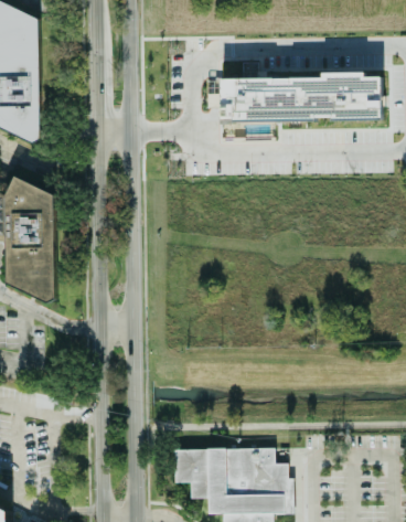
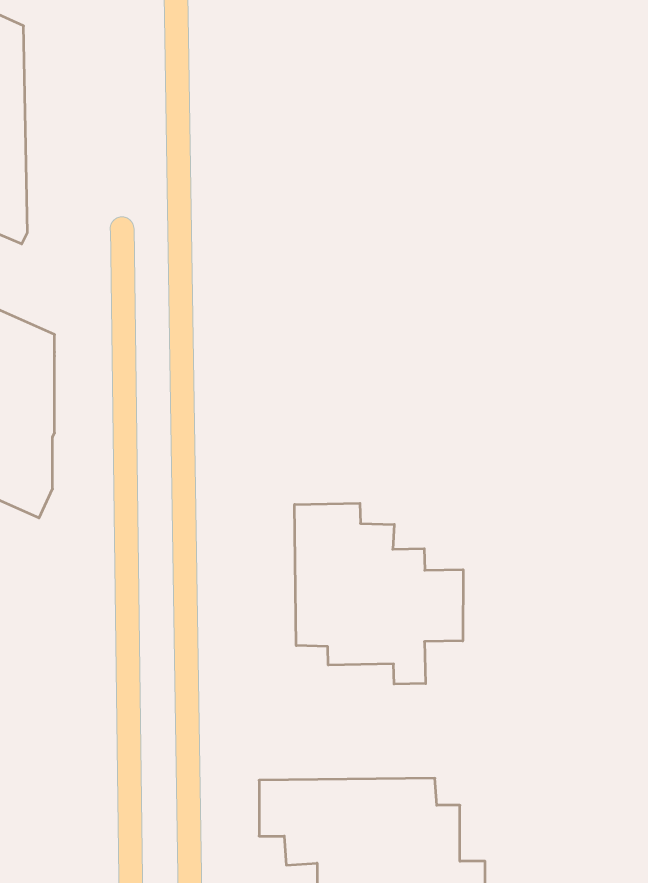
building: [220,72,381,121] -> none
building: none -> [295,503,463,684]

